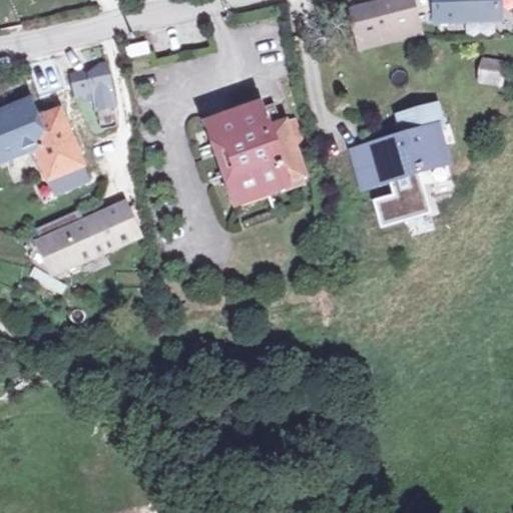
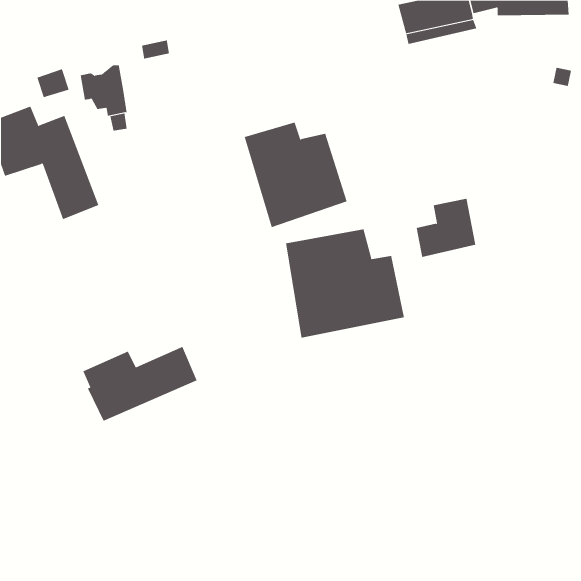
building: [349,103,442,186] -> none
building: none -> [286,229,404,338]
building: [37,207,138,274] -> [83,346,198,421]

